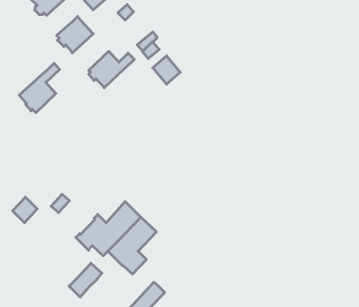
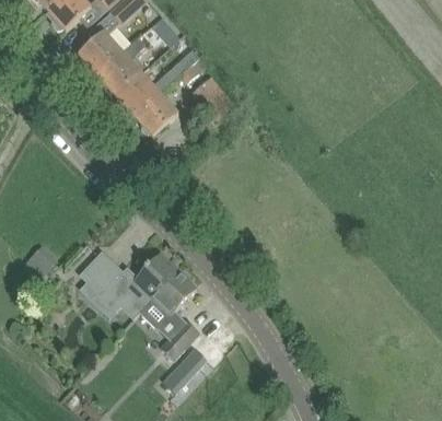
building: [19,63,60,113] -> [96,36,144,95]
building: none -> [135,93,177,136]
building: none -> [83,252,124,291]
building: [69,263,102,297] -> [160,319,199,360]

